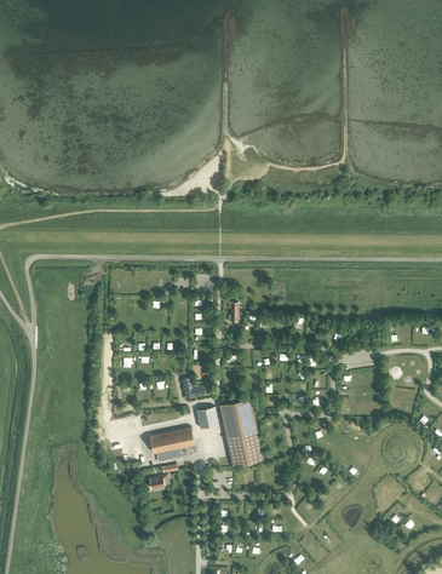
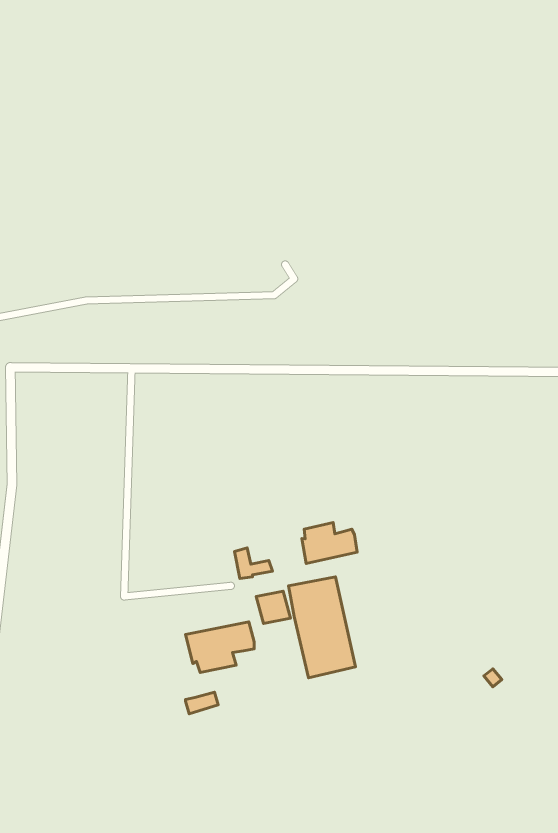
building: none -> [302,523,357,563]

